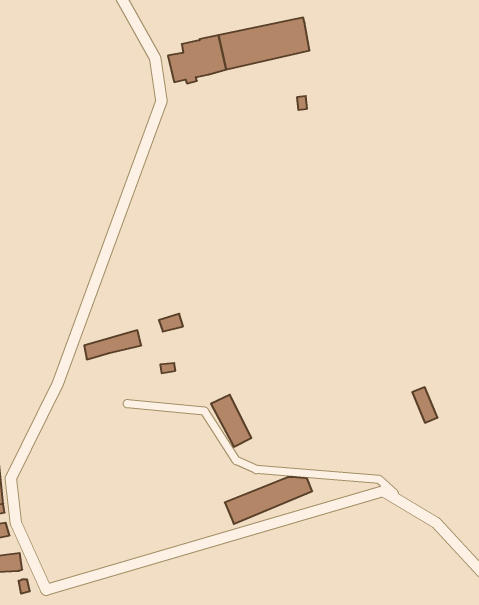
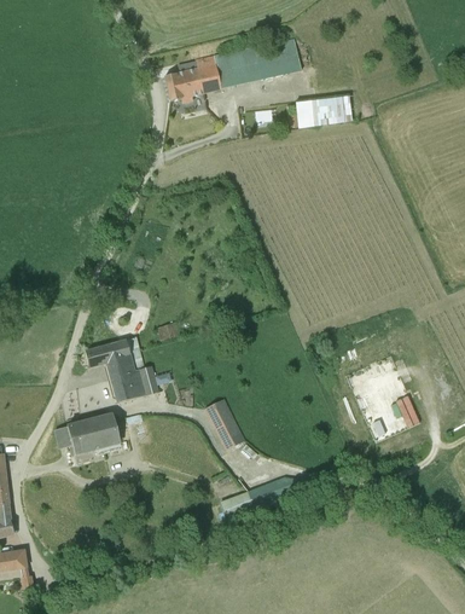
building: none -> [296,93,354,127]
building: none -> [106,353,156,402]
building: none -> [53,415,129,456]

